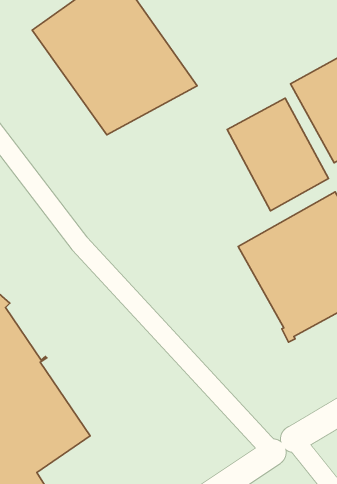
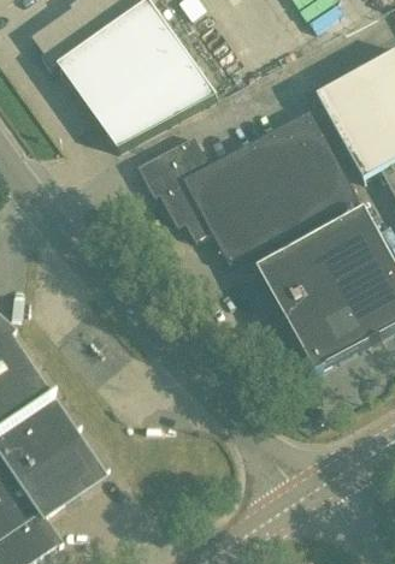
building: none -> [137,135,296,266]

